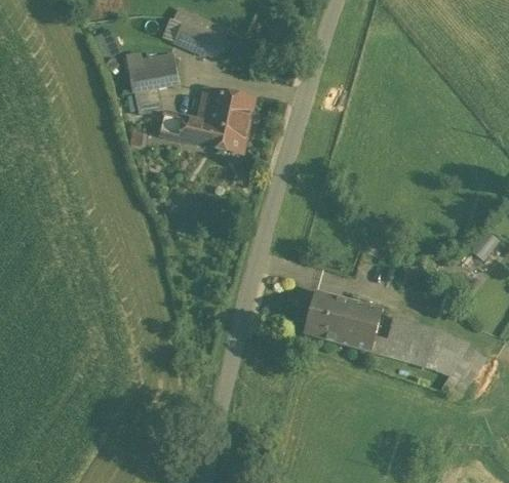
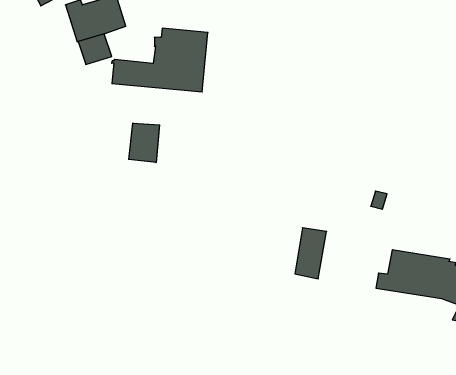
building: none -> [129,123,160,163]
building: [323,293,387,351] -> none

